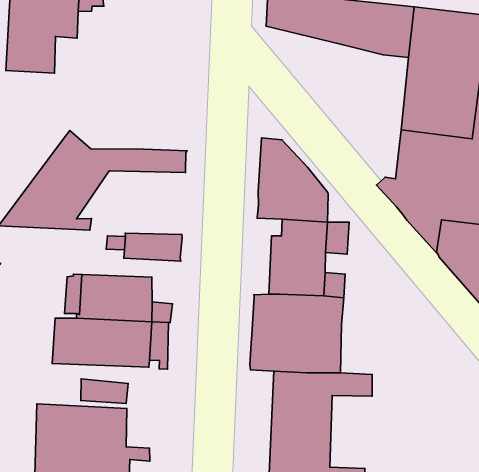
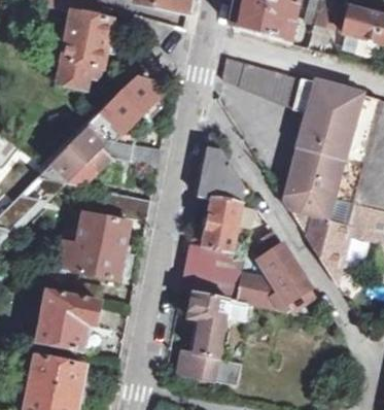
building: none -> [90,76,162,142]
building: none -> [235,231,314,309]

